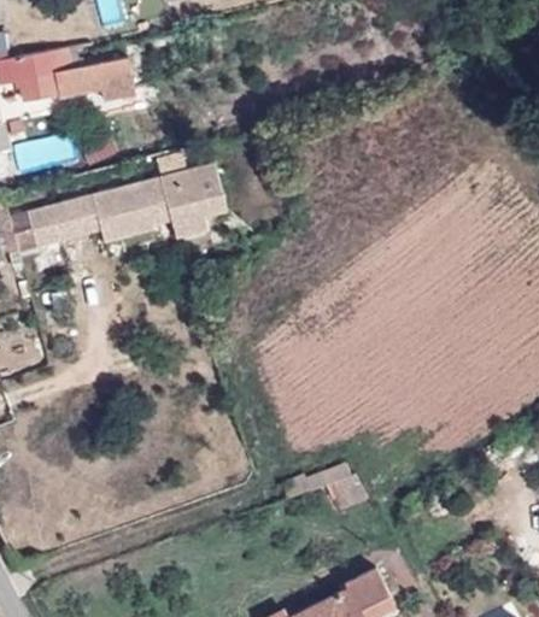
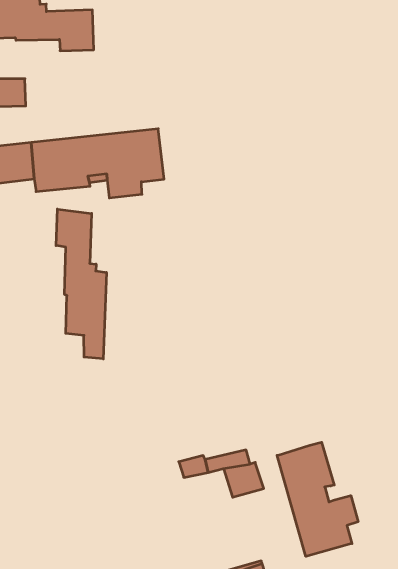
building: none -> [56,209,106,359]
building: none -> [277,442,358,556]

